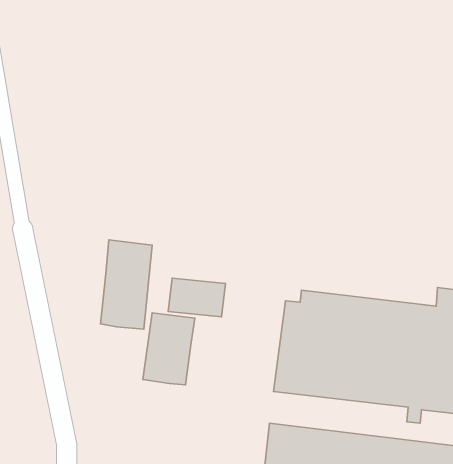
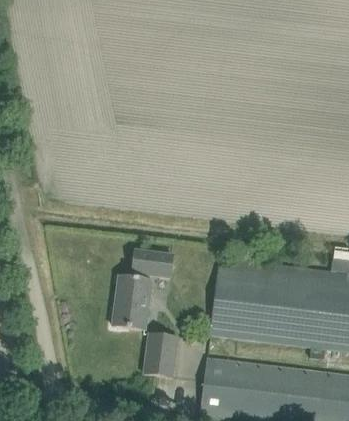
building: [101,240,152,329] -> none
building: none -> [142,332,176,376]

